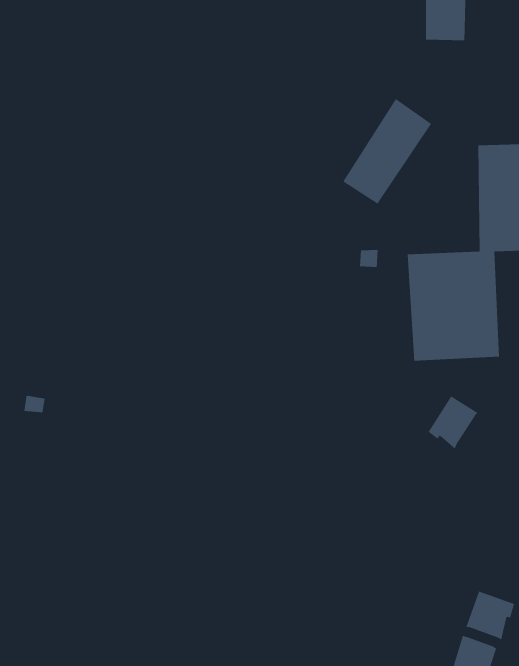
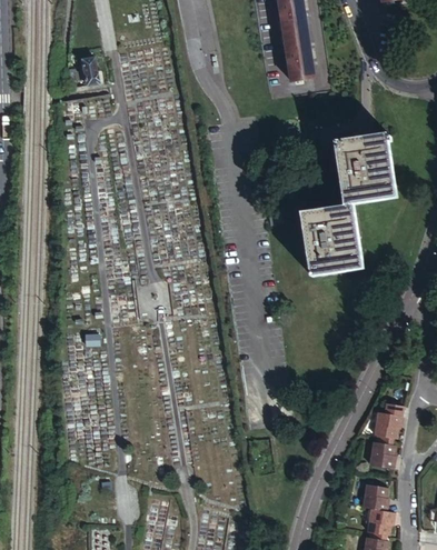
building: [342,98,432,204] -> none
building: [428,396,478,449] -> none

